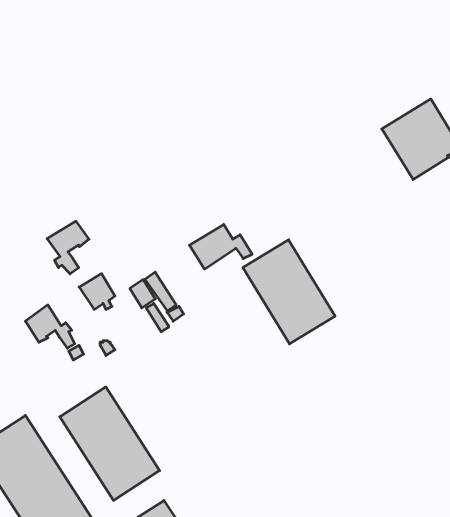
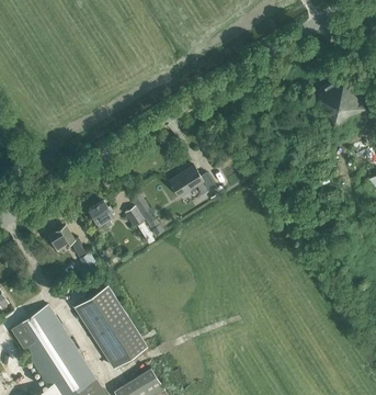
building: [47,221,89,274] -> none
building: [243,240,335,344] -> none

